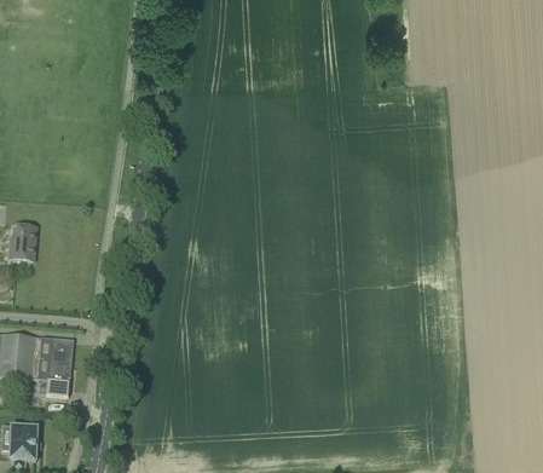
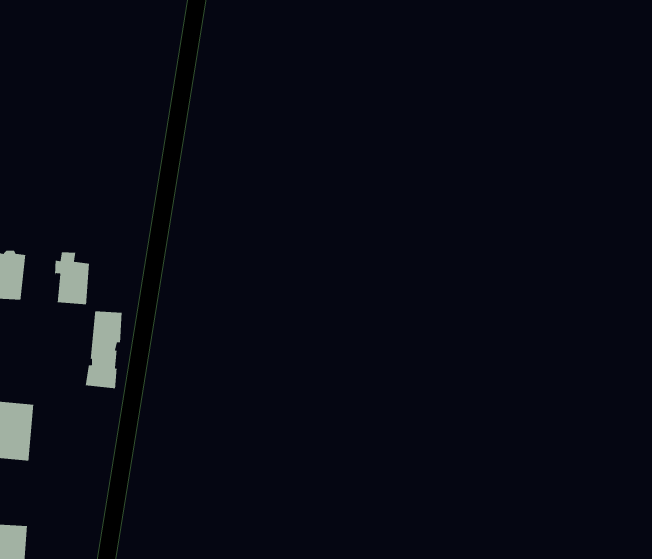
building: none -> [54,252,90,305]
building: [44,338,71,396] -> [85,310,123,389]

